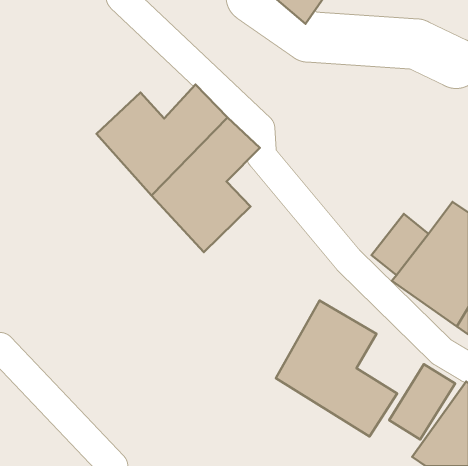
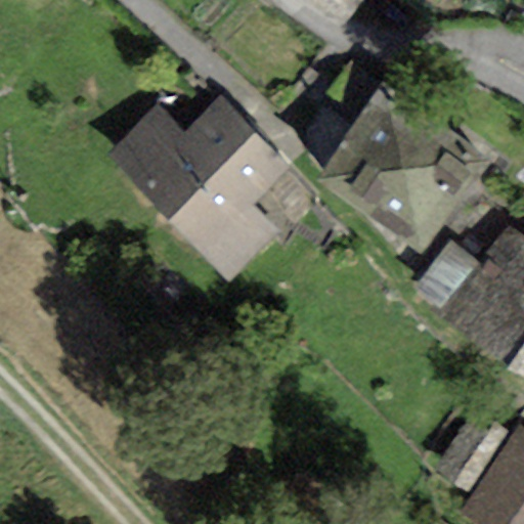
building: none -> [319,79,487,254]
building: [276,300,397,436] -> none

